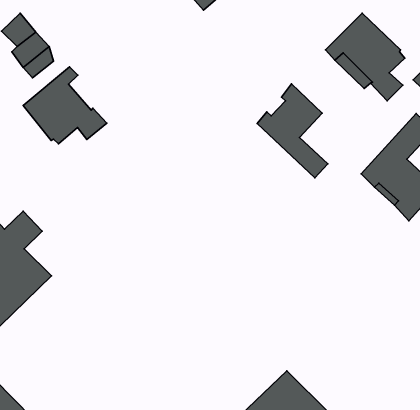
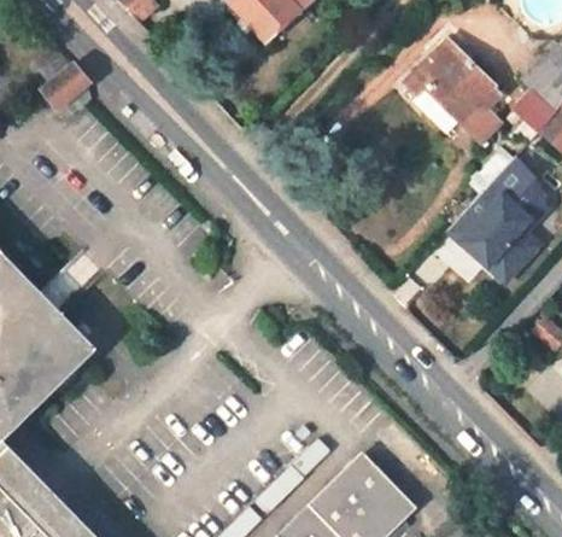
building: [23,67,107,144] -> none
building: [257,84,328,178] -> none

